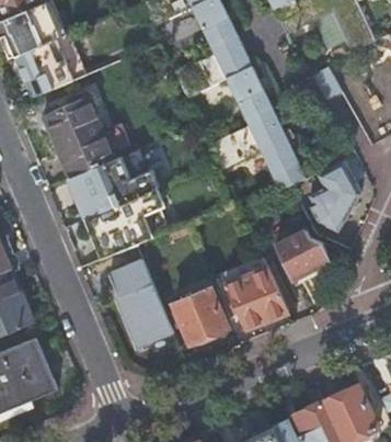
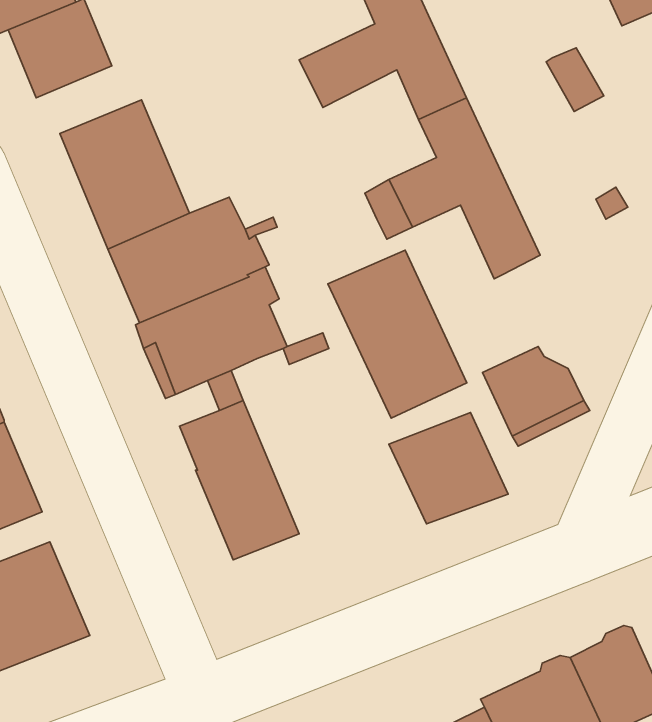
building: [313,172,359,212] -> none
building: none -> [328,250,467,418]
building: [174,287,227,342] -> none

